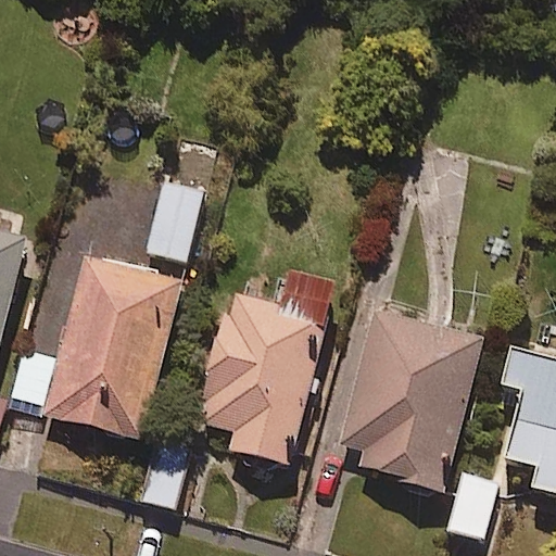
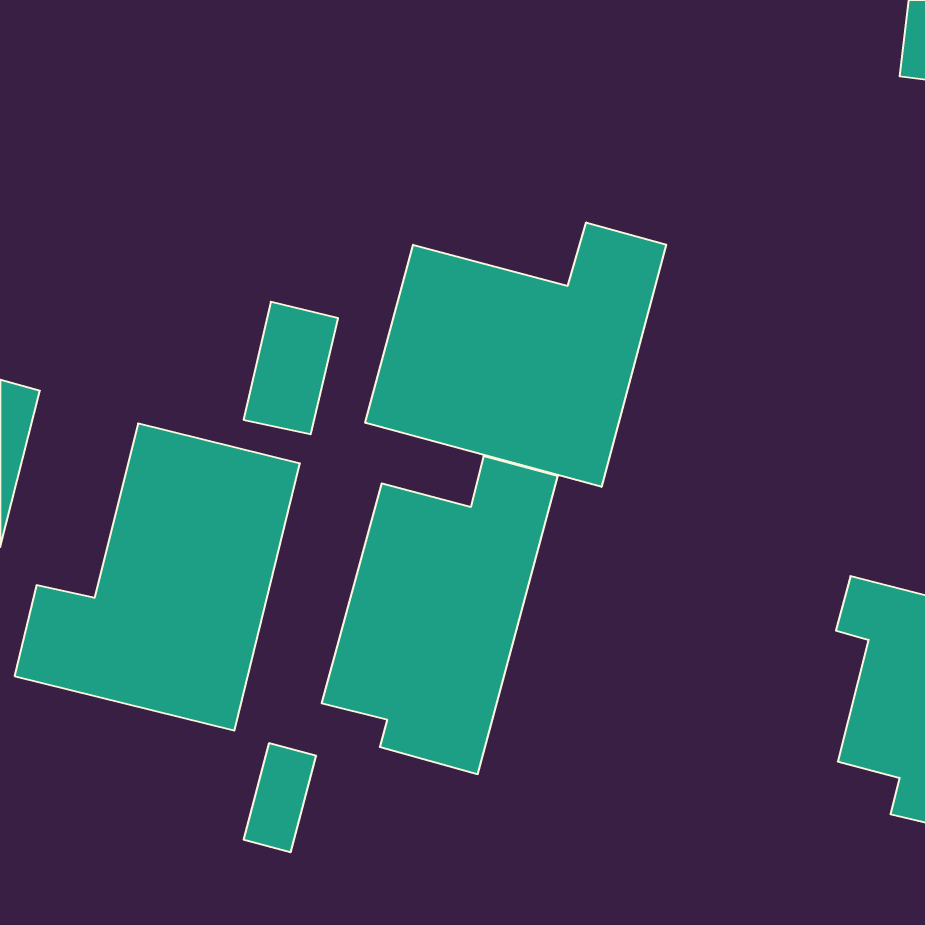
building: none -> [365,222,666,487]
building: [334,309,483,494] -> none

